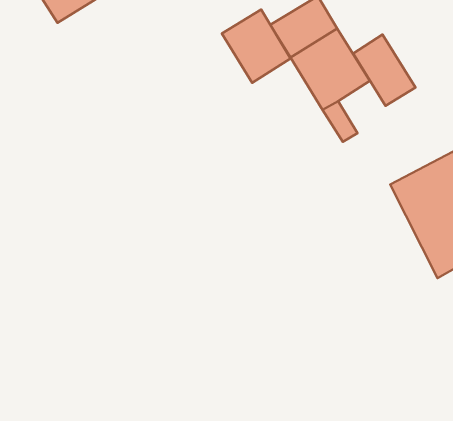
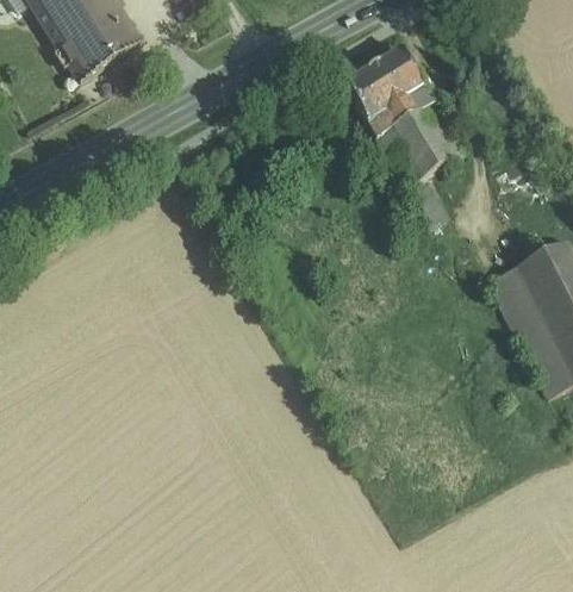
building: [222,10,291,83] -> none
building: [353,34,415,106] -> none

